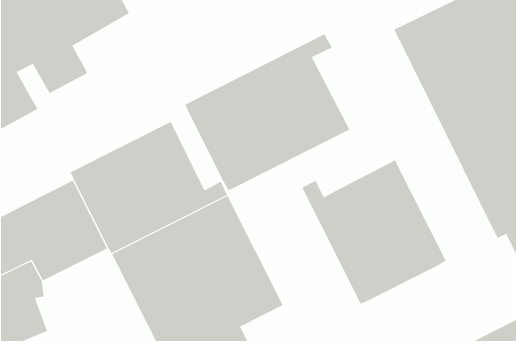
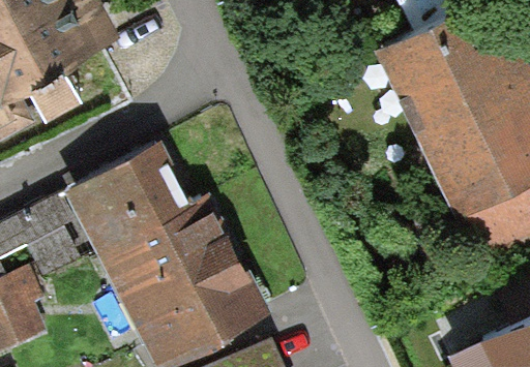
building: [185,33,350,191] -> none
building: [301,160,447,304] -> none

